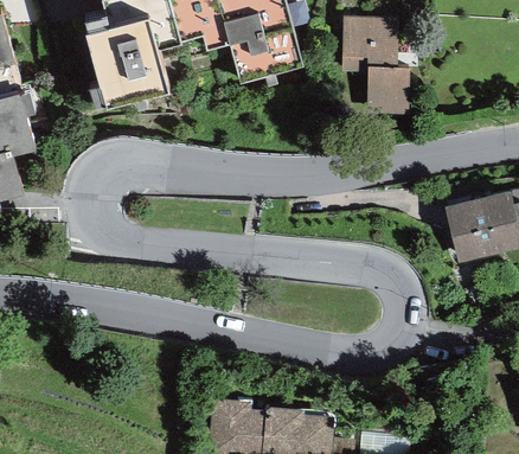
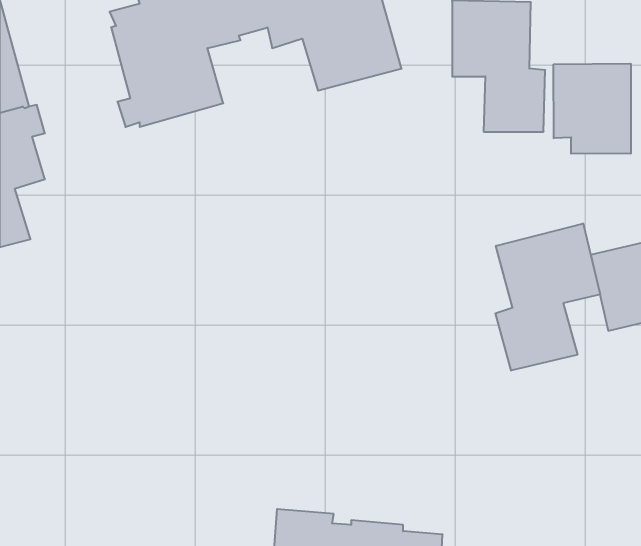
building: none -> [554,64,631,154]
building: none -> [495,223,600,371]

